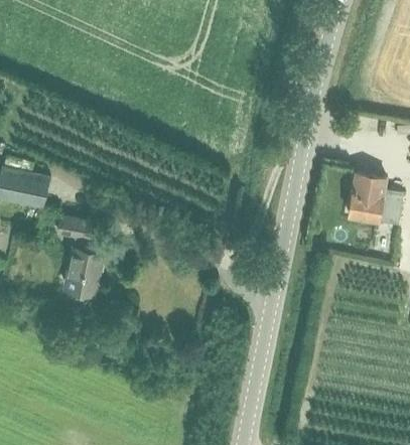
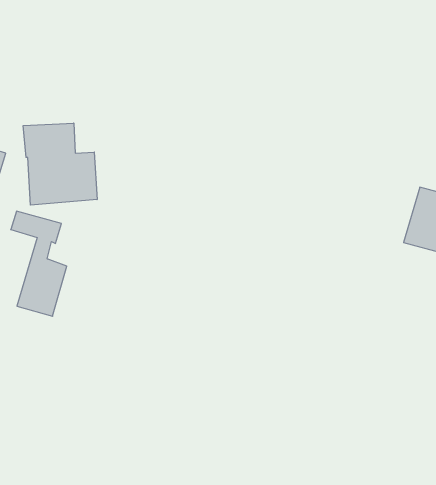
building: none -> [23,123,97,205]

